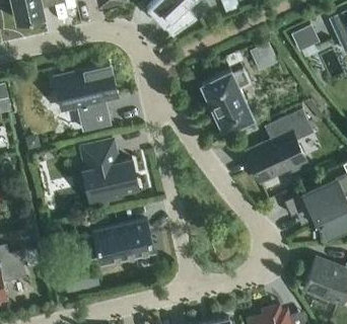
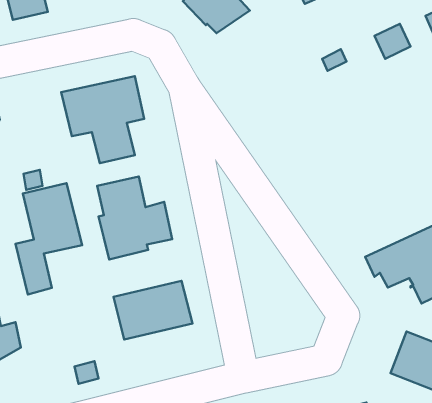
building: [201,60,253,133] -> none
building: [246,108,310,183] -> none
building: none -> [15,183,82,294]

